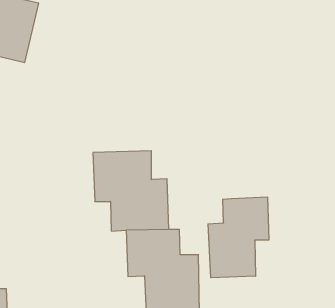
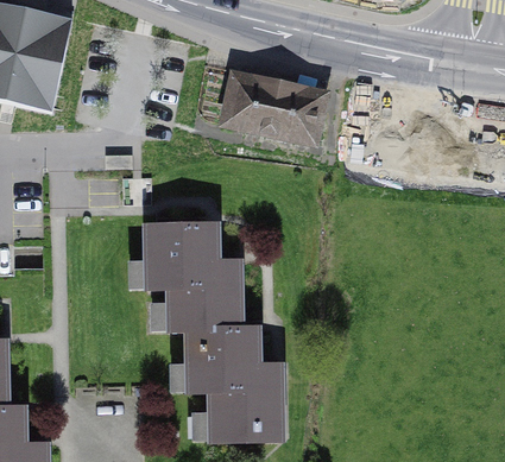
building: none -> [216,75,330,153]
building: [208,197,269,278] -> none

